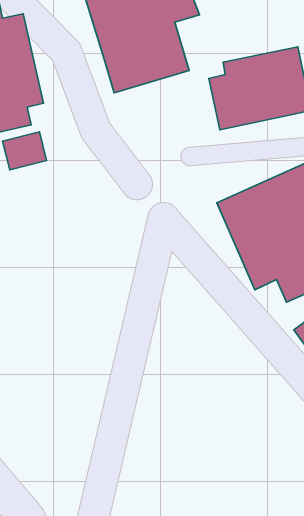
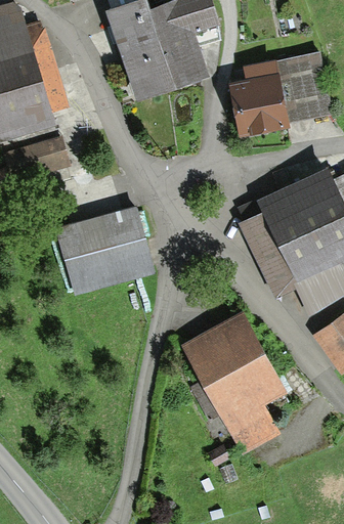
building: none -> [54,207,155,294]
building: none -> [182,311,286,450]

